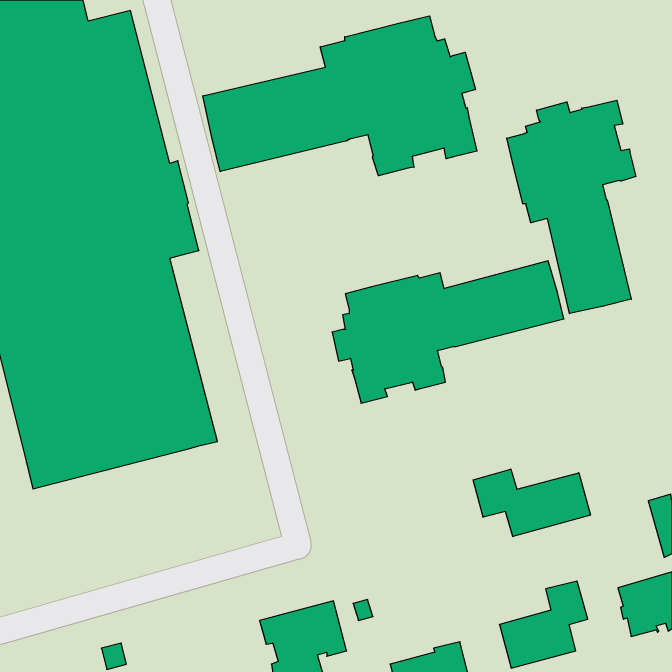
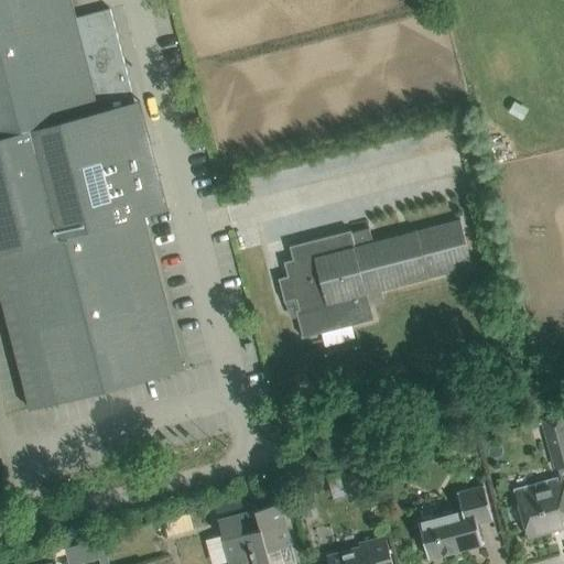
building: [203,16,477,176] -> none
building: [507,100,636,314] -> none
building: [473,469,590,537] -> none

